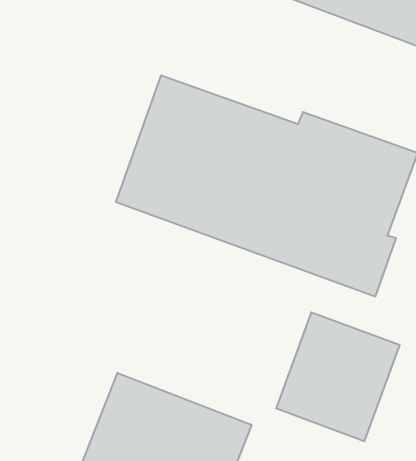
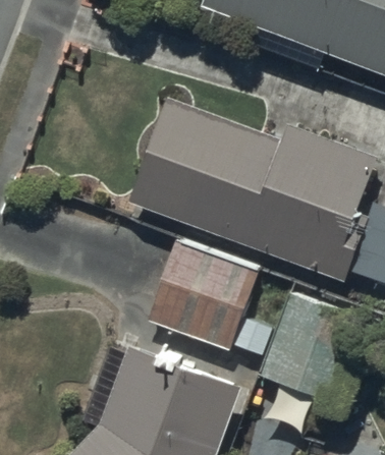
building: none -> [145,241,270,356]

